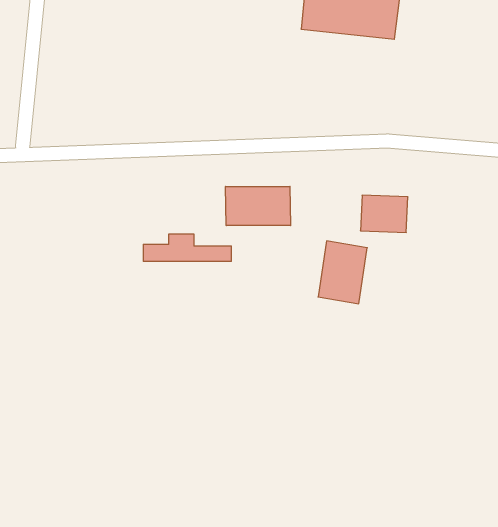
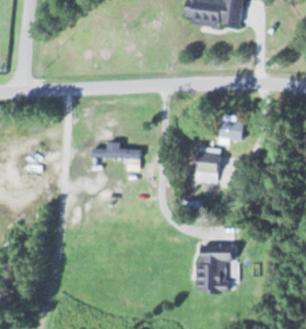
building: [226,186,291,226] -> none
building: none -> [194,252,230,293]

